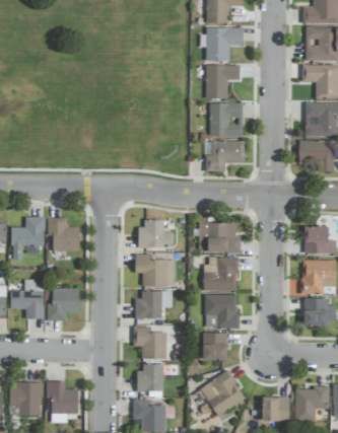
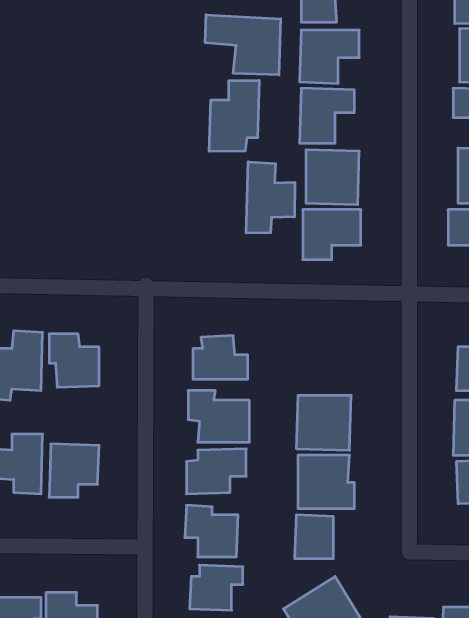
building: none -> [205,15,281,75]
building: none -> [209,80,259,151]
building: none -> [246,162,295,233]
building: [198,222,241,251] -> none

